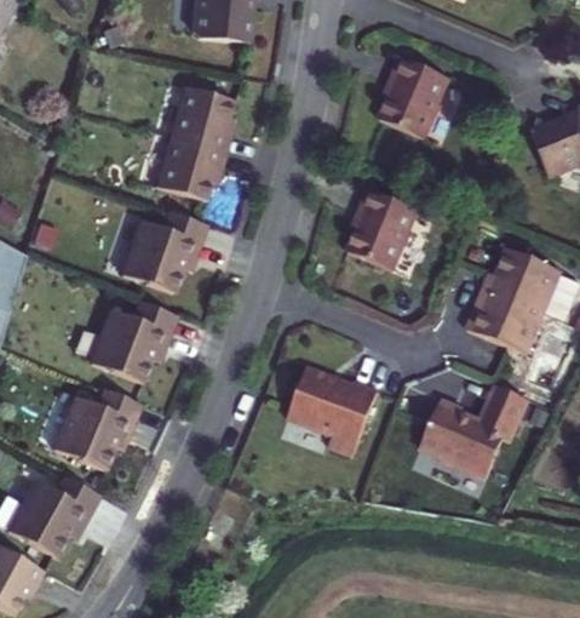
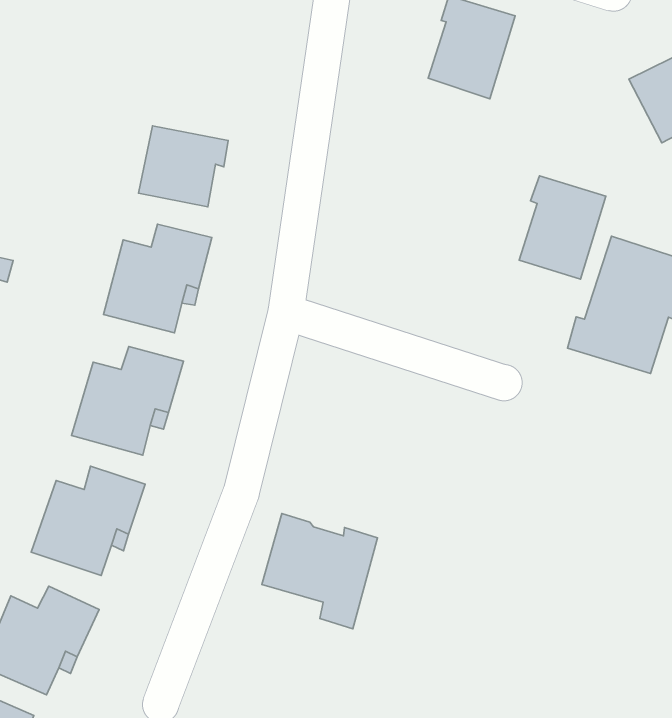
building: [170,85,234,151] -> none
building: [348,189,417,269] -> [519,176,606,279]
building: [287,365,377,456] -> [262,513,378,629]
building: [419,384,527,479] -> none

